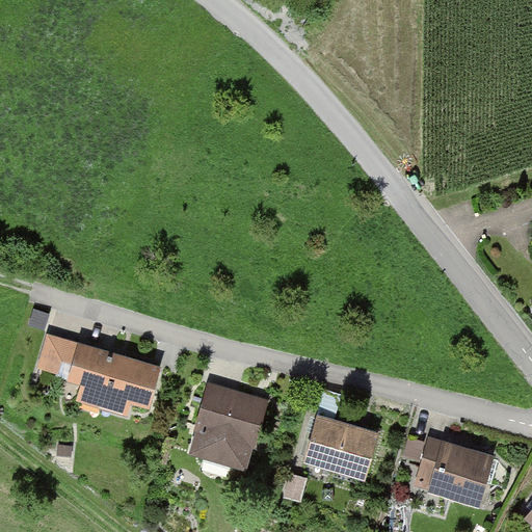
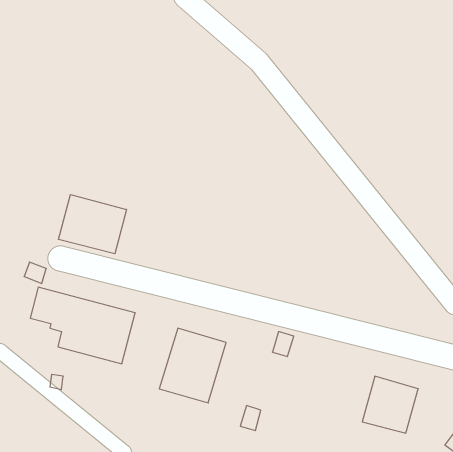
building: none -> [58,195,126,254]
building: [299,413,374,479] -> none

